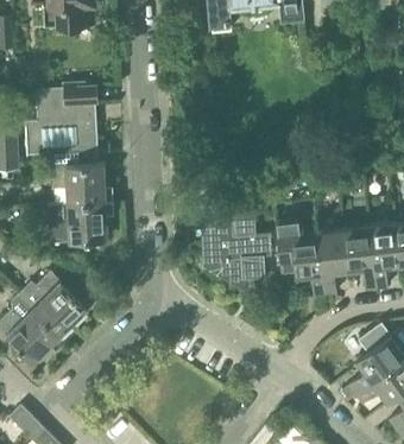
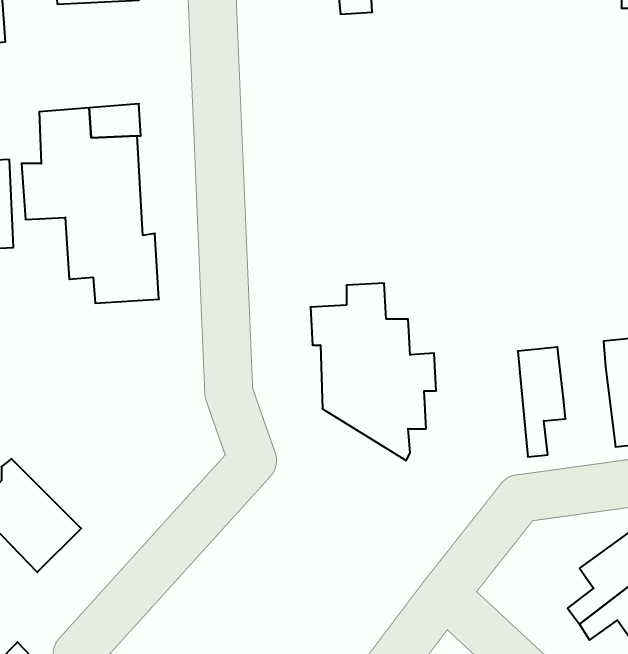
building: [48,201,108,242] -> none
building: [277,220,326,296] -> none
building: [343,226,378,290] -> none
building: [18,271,88,337] -> none

